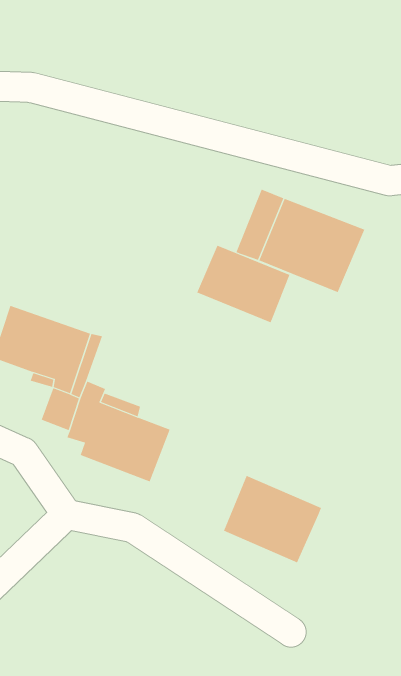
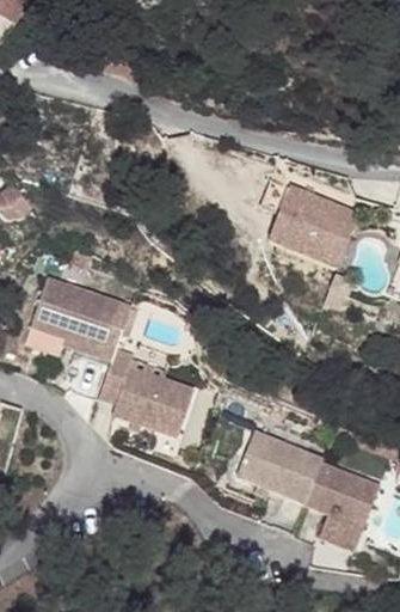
building: [197,245,290,323] -> none
building: none -> [302,466,377,532]

